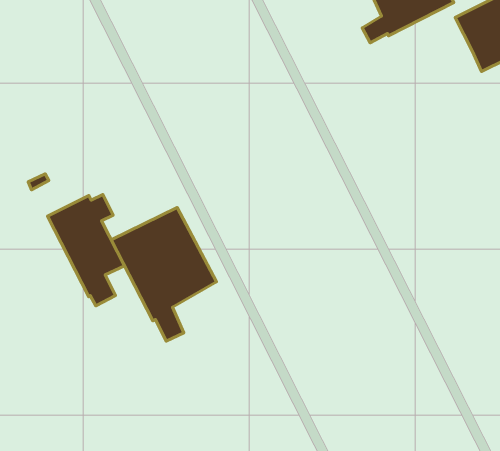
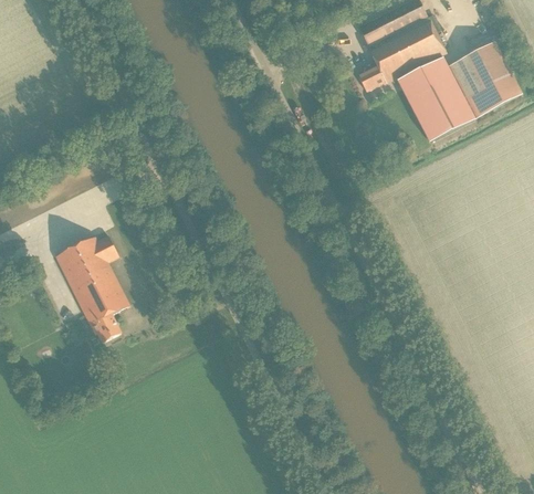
building: none -> [398,56,473,140]
building: [111,207,217,341] -> none

